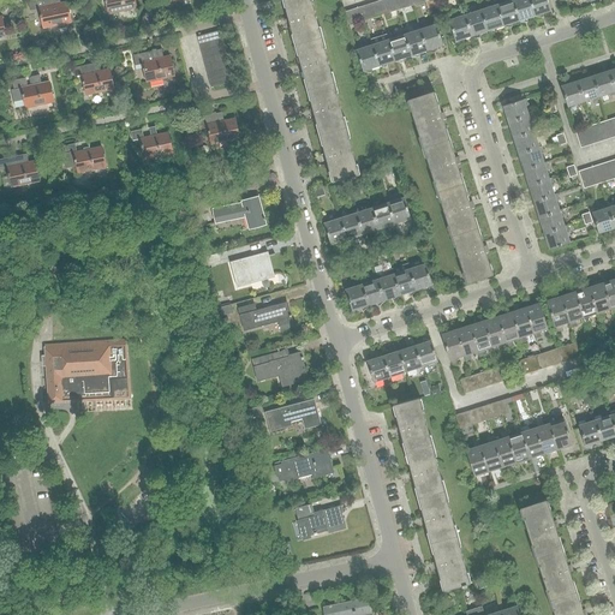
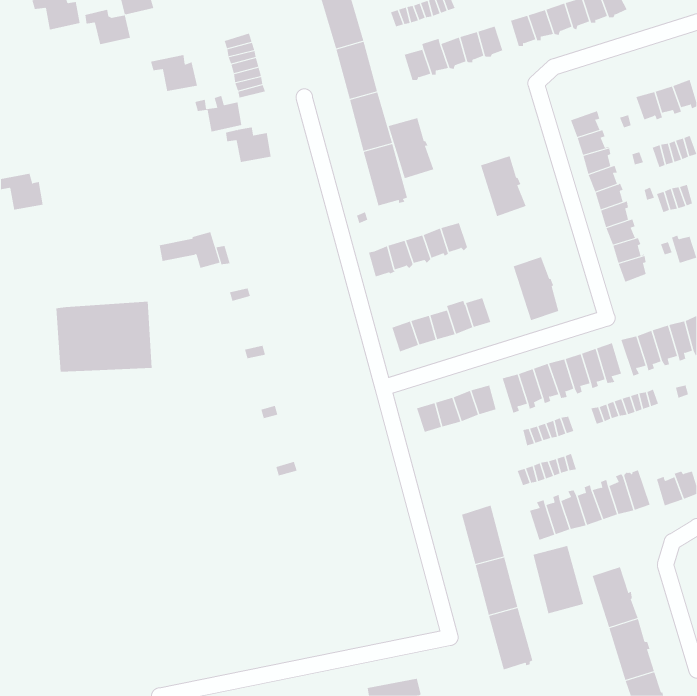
building: [73,62,114,94] -> [85,9,131,45]
building: [11,74,53,107] -> none
building: [408,91,449,145] -> [388,117,434,179]
building: [131,125,173,157] -> [195,95,242,132]
building: [64,143,106,172] -> none
building: [437,181,477,234] -> none
building: [213,196,267,228] -> [159,232,220,268]
building: [231,255,274,286] -> none
building: [239,301,293,334] -> none
building: [44,339,130,401] -> [56,301,152,372]
building: [252,351,308,383] -> none
building: [393,396,432,453] -> none
building: [264,399,321,430] -> none
building: [275,450,334,482] -> none
building: none -> [533,545,584,614]
building: [295,503,346,539] -> none

